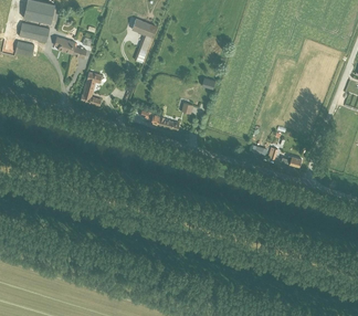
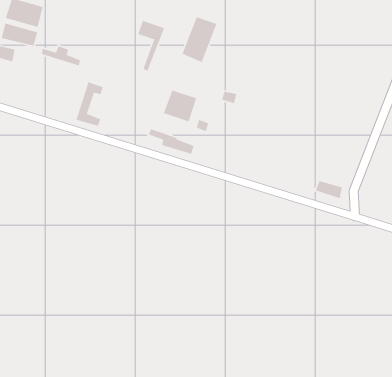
building: none -> [182,16,218,63]
building: none -> [163,89,197,123]

